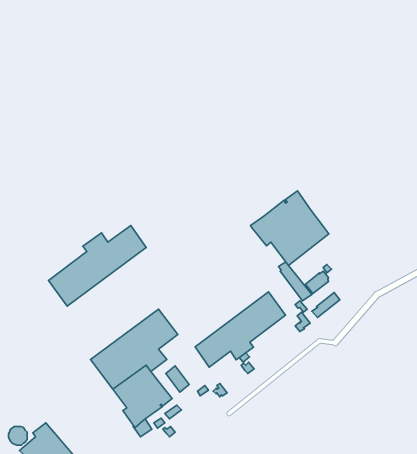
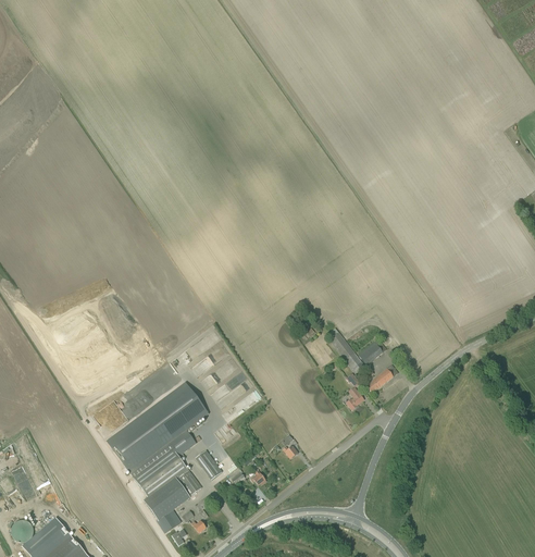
building: [250,191,329,265] -> none
building: [49,225,146,306] -> none
building: [195,292,286,367] -> none

